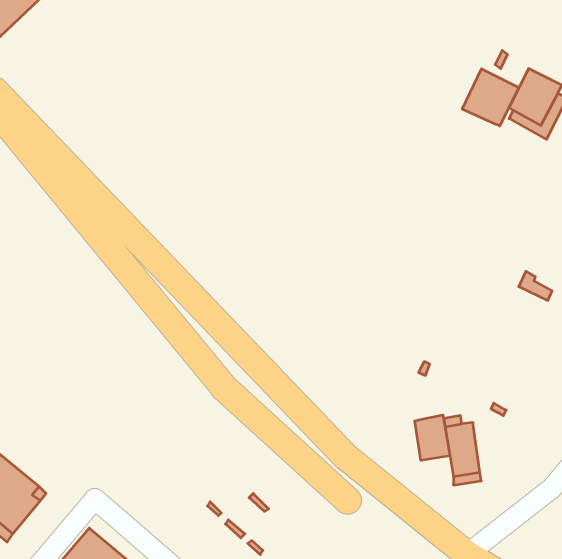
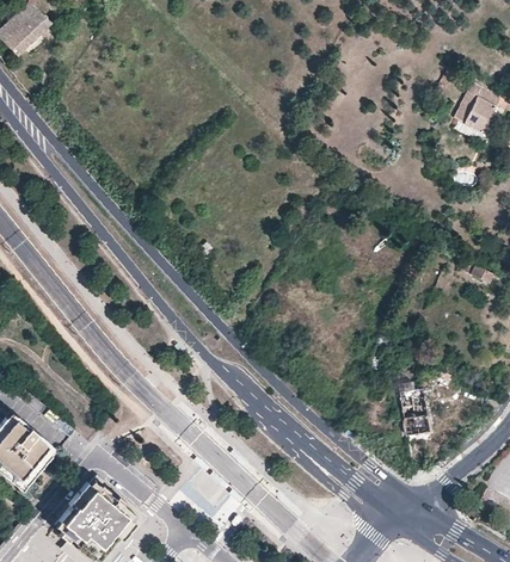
building: [462,69,519,126] -> none
building: [415,415,450,460] -> none

